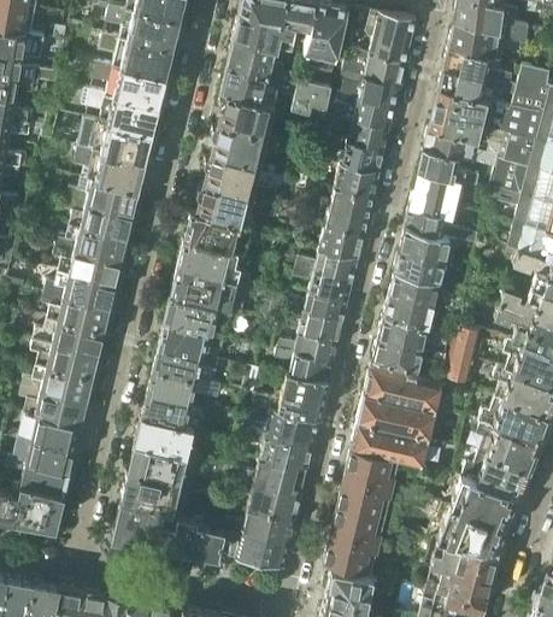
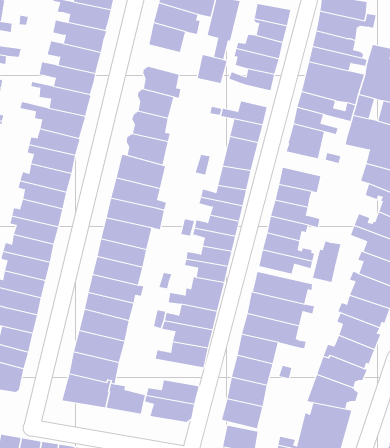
building: [220,66,298,107] -> none
building: [333,112,390,149] -> none
building: [405,208,481,246] -> none
building: [234,483,301,519] -> none

